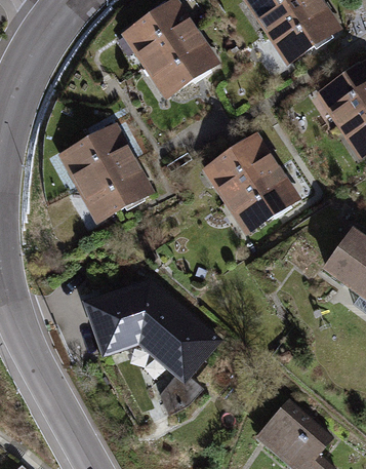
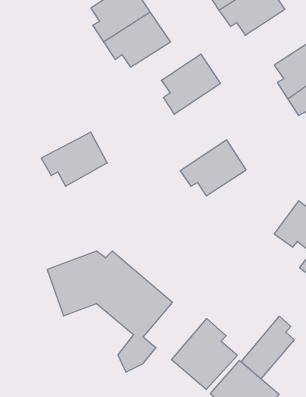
building: [69,126,131,187] -> none
building: [212,136,275,200] -> [161,54,221,114]
building: none -> [241,316,294,379]
building: none -> [172,319,237,390]

